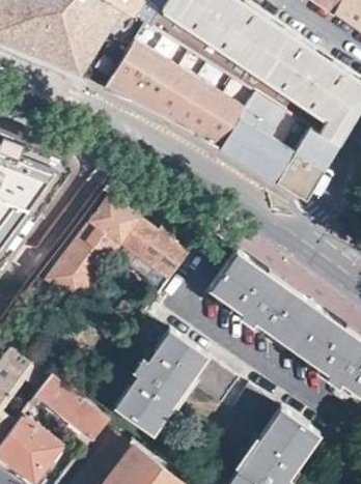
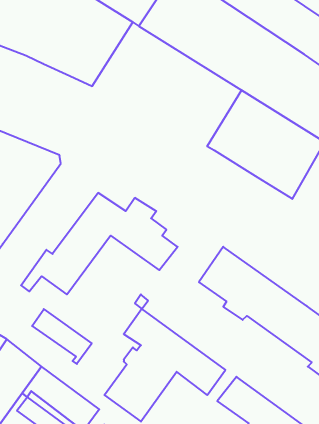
building: [103,23,255,149] -> none
building: none -> [32,309,92,364]

